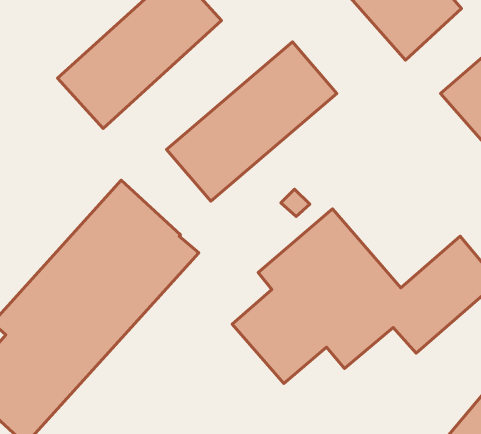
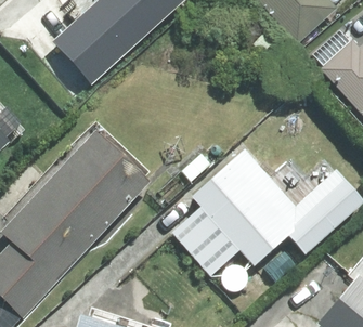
building: [167,42,337,201] -> none

